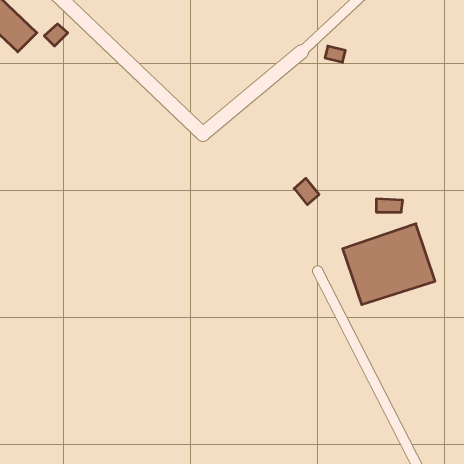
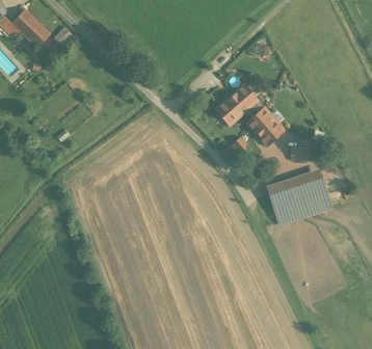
building: none -> [214,83,286,146]

